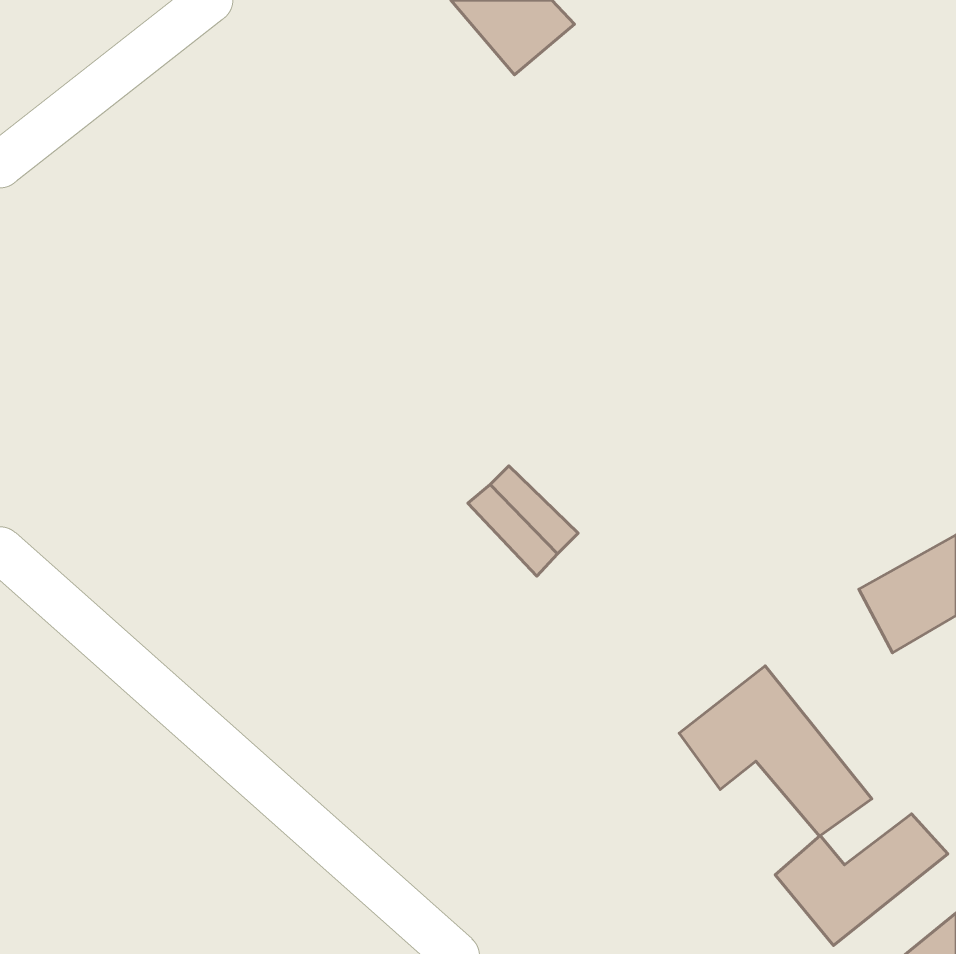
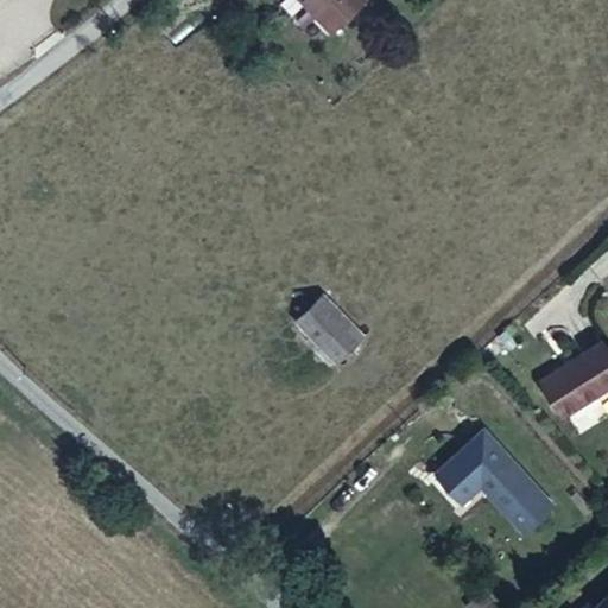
building: [775,814,948,946] -> none

